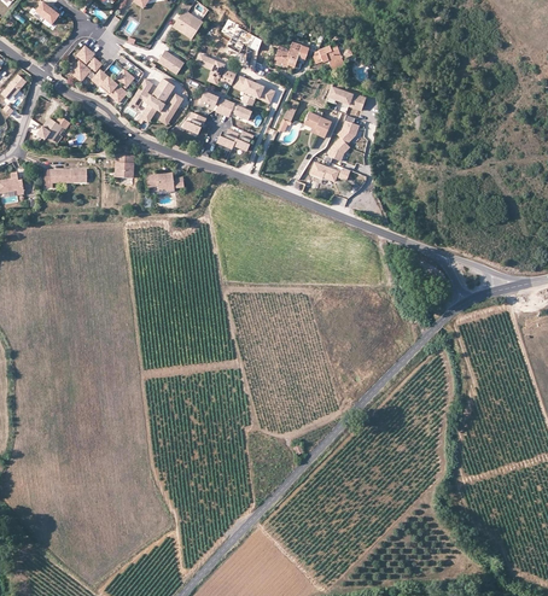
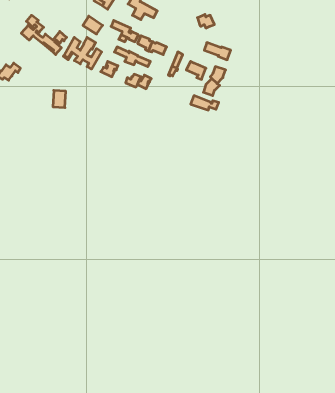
building: [274,42,309,66] -> none
building: [46,169,88,187] -> none
building: [145,171,183,192] -> none

